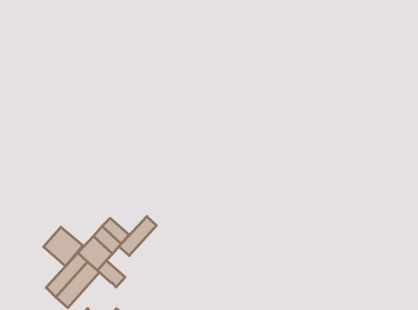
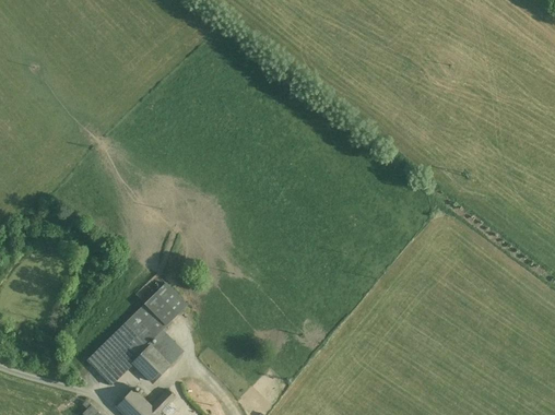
building: [119,216,156,256] -> none
building: [44,227,83,266] -> none
building: none -> [133,345,169,381]

